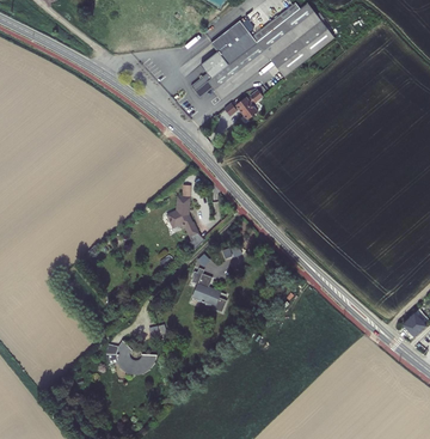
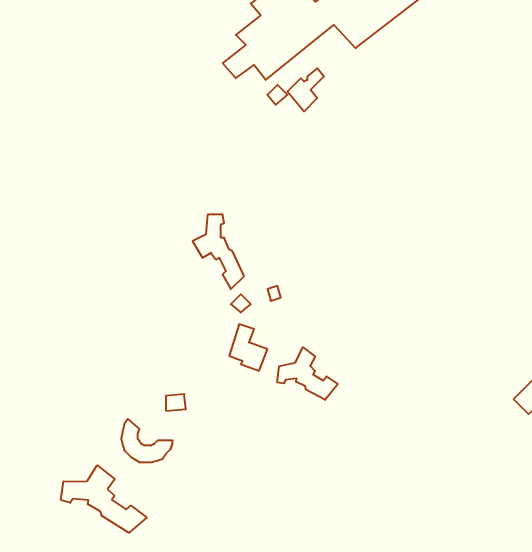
building: none -> [277,347,338,400]
building: none -> [61,465,147,533]

